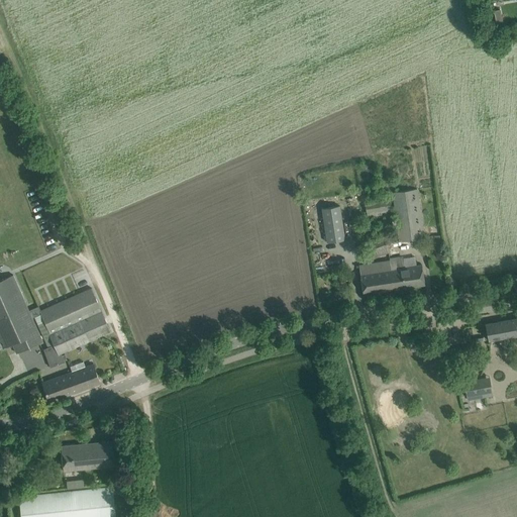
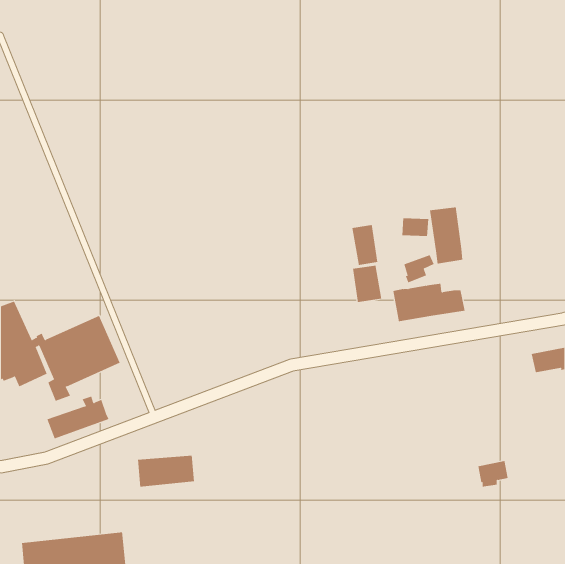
building: none -> [353,265,382,303]
building: [463,377,492,401] -> [478,461,508,487]
building: [62,442,114,472] -> [137,455,195,487]

